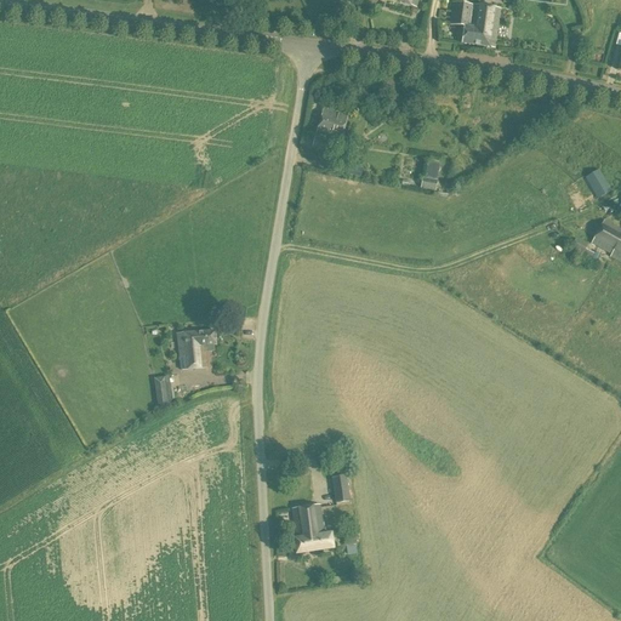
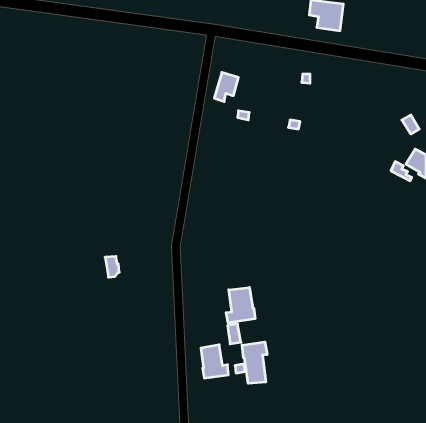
building: [176,329,215,368] -> none
building: none -> [226,287,255,323]
building: none -> [242,342,267,383]

